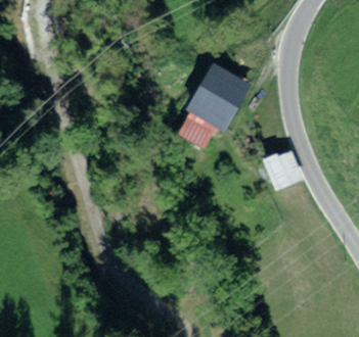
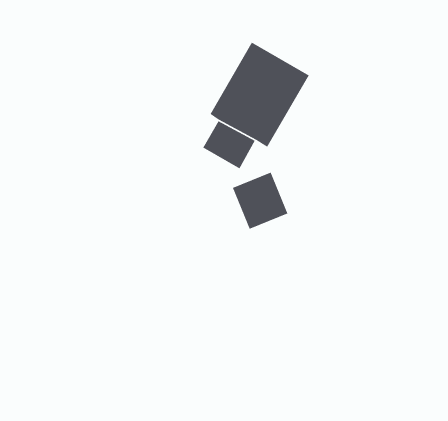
building: [263,149,303,190] -> [232,172,288,230]

